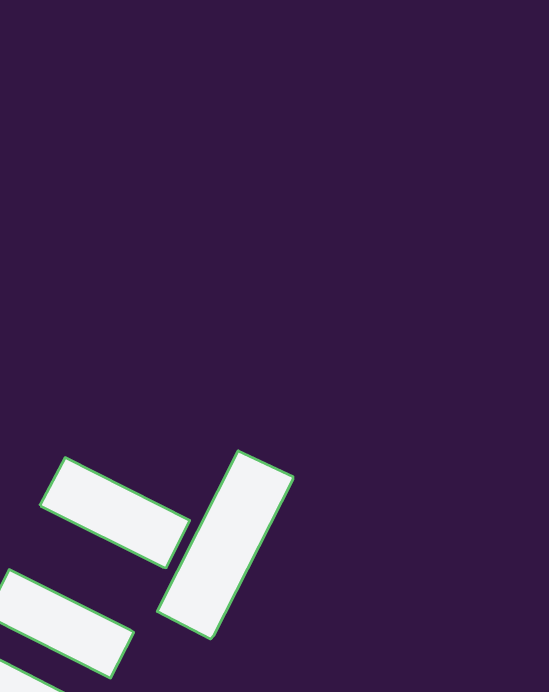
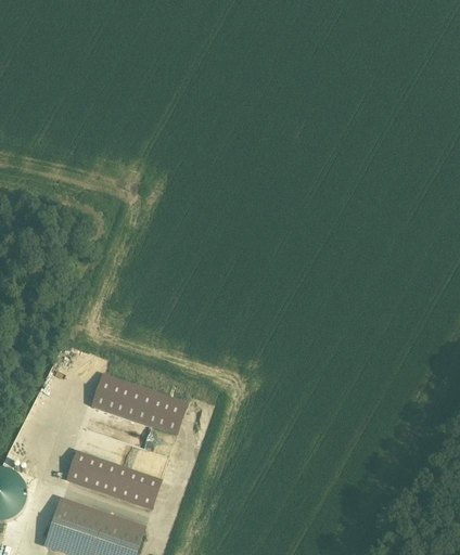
building: [157,451,293,639] -> none

